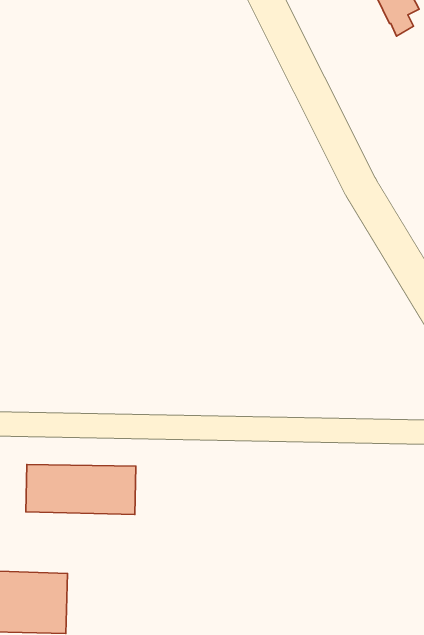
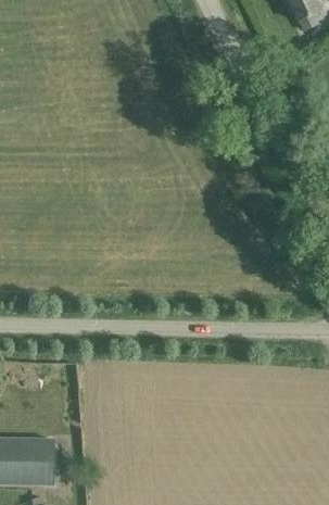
building: [26,464,136,514] -> none

